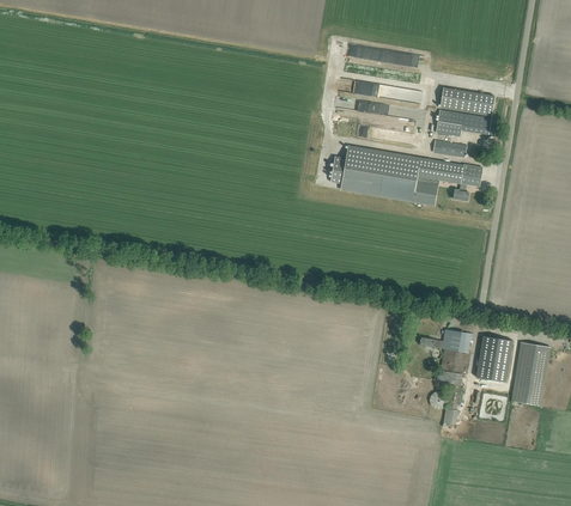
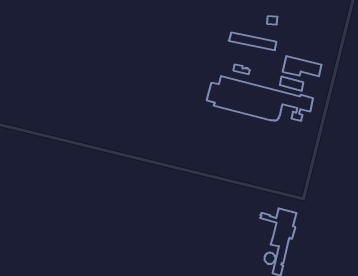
building: [439,86,493,115] -> none
building: [475,335,511,382] -> none
building: [510,341,549,404] -> none

